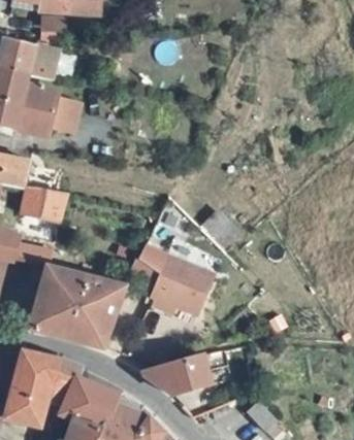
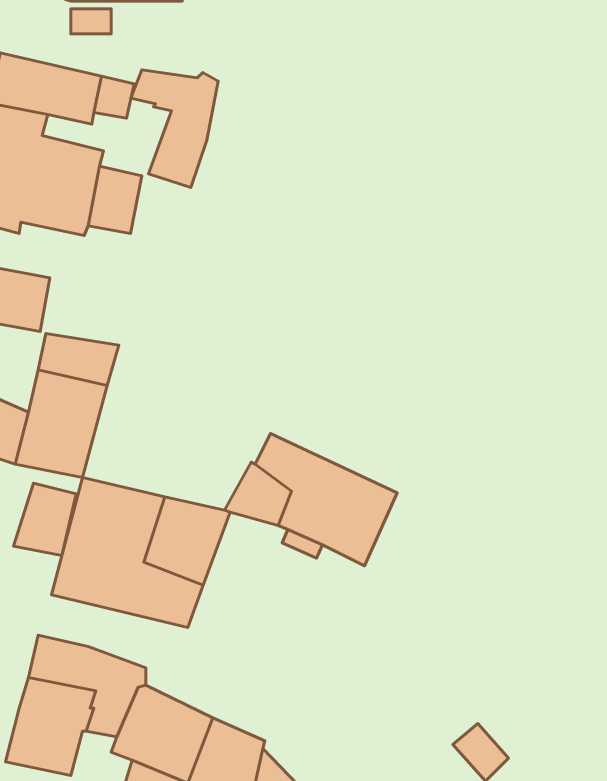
building: none -> [131,70,218,188]
building: none -> [13,483,76,555]
building: [140,350,227,396] -> none

